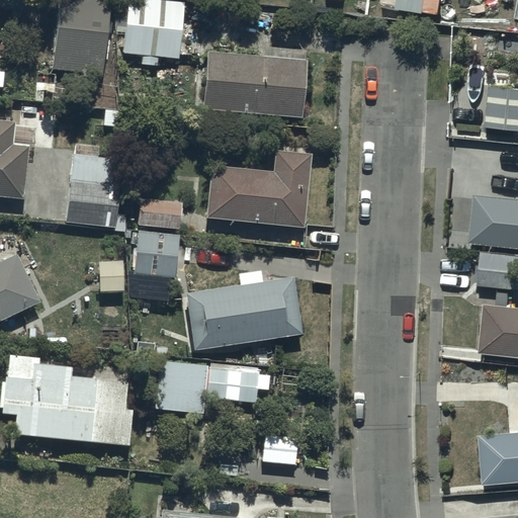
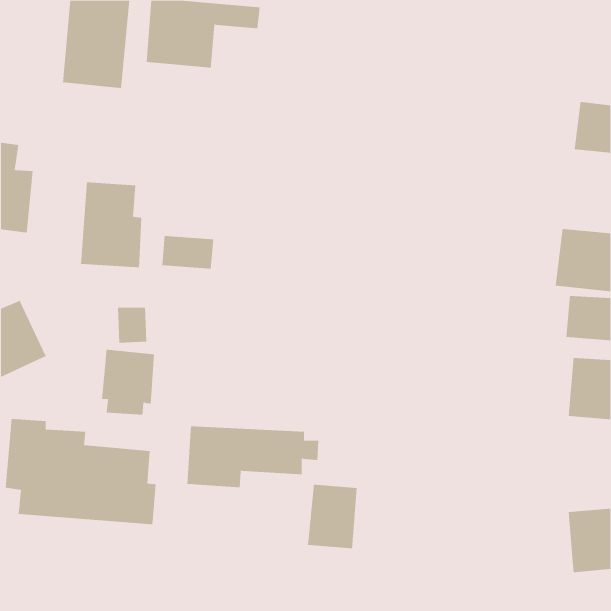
building: [202,54,307,118] -> none
building: [205,150,311,227] -> none
building: [134,231,179,286] -> [101,349,155,415]
building: [185,270,301,349] -> none

